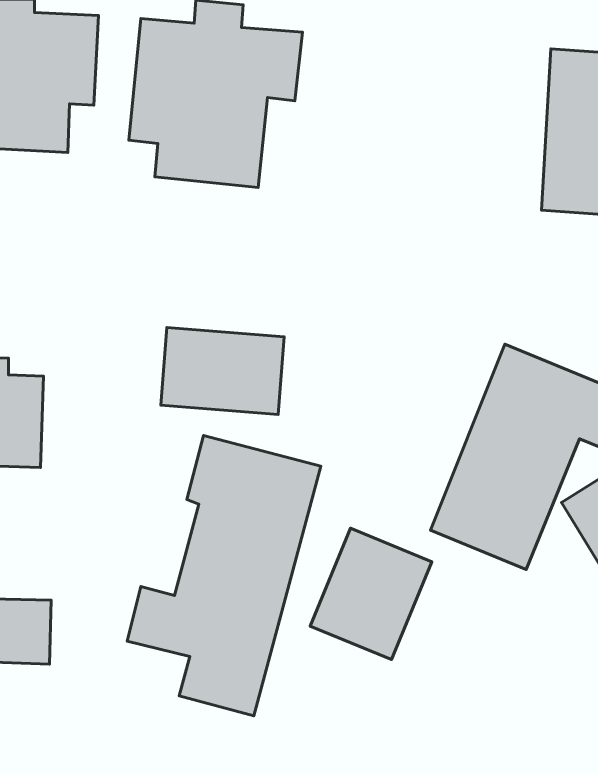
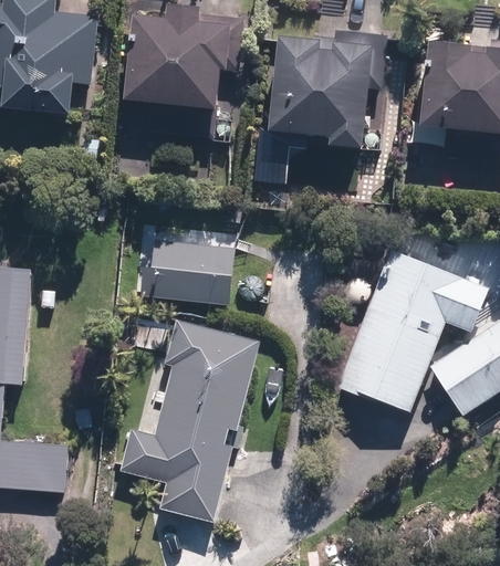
building: none -> [252,32,379,186]
building: [310,528,432,660] -> none

